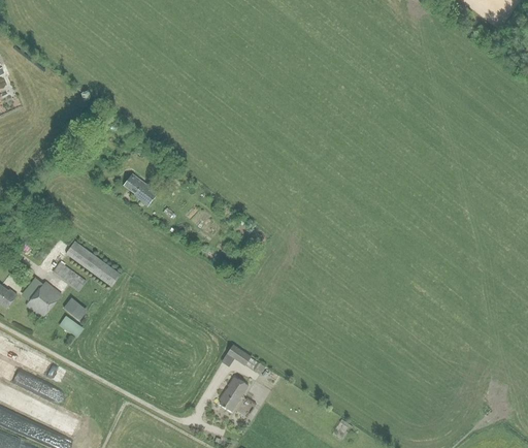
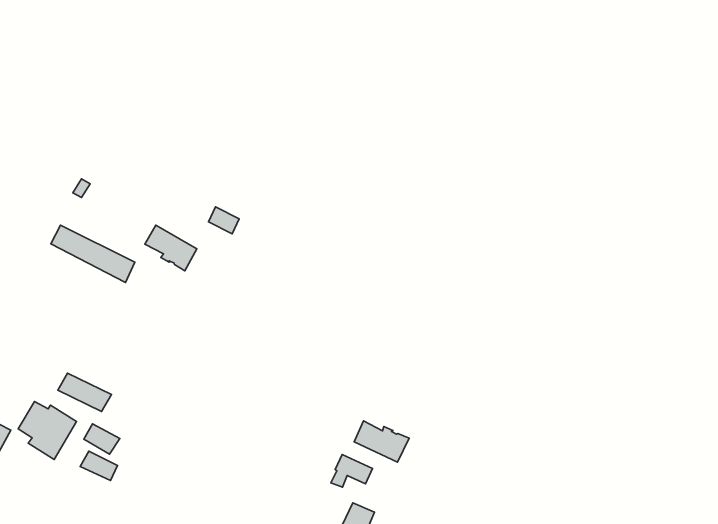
building: [66,242,120,286] -> [51,225,135,282]
building: none -> [354,421,409,462]

